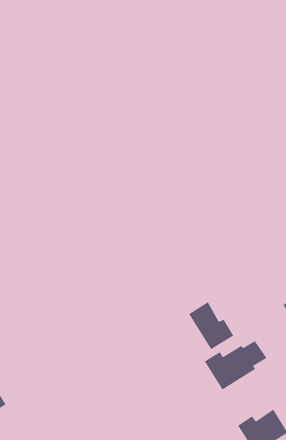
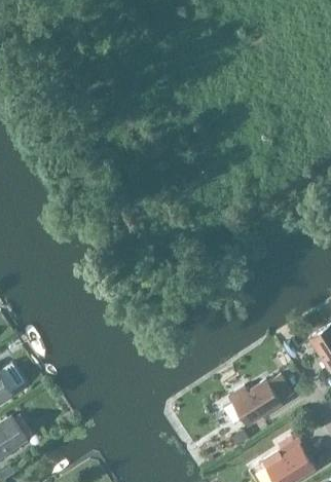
building: [188,301,234,350] -> none

